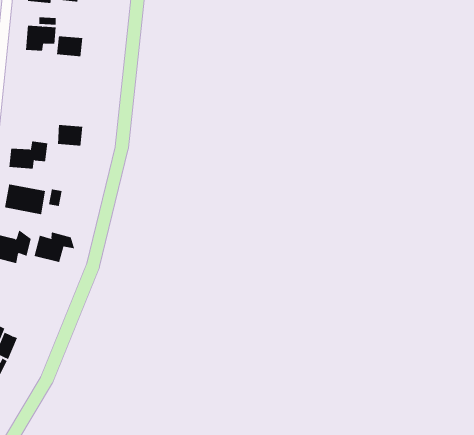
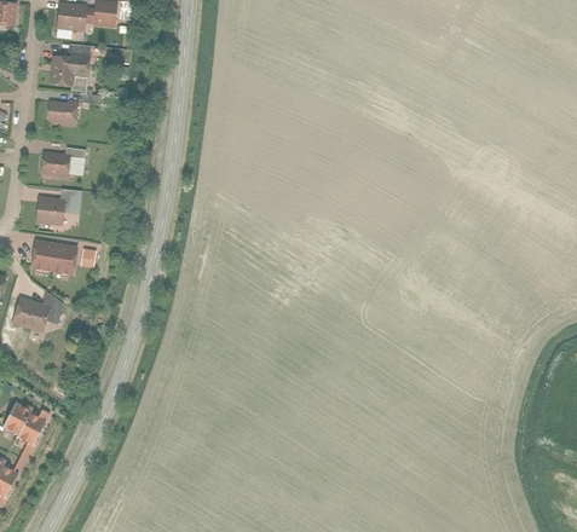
building: [56,36,83,57] -> [46,99,77,123]
building: [57,124,83,146] -> [41,151,71,177]
building: [34,231,75,263] -> none

